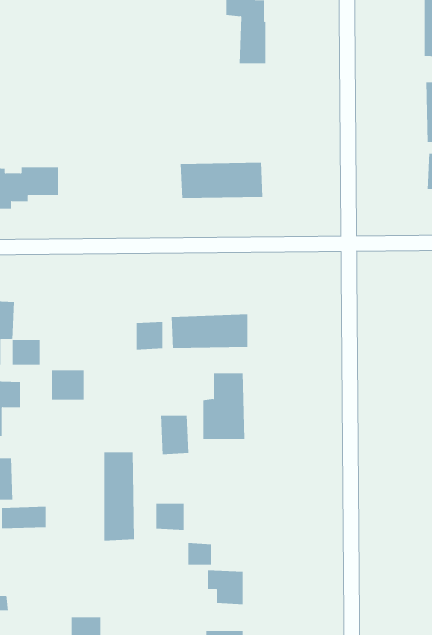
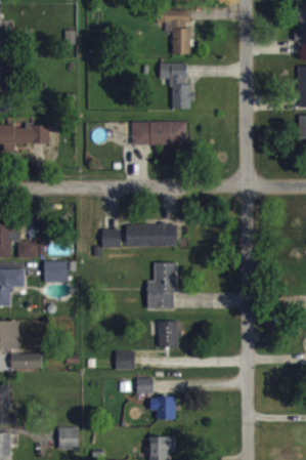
building: none -> [160,62,192,110]
building: [160,415,189,455] -> [159,321,178,347]
building: [104,451,135,541] -> none

